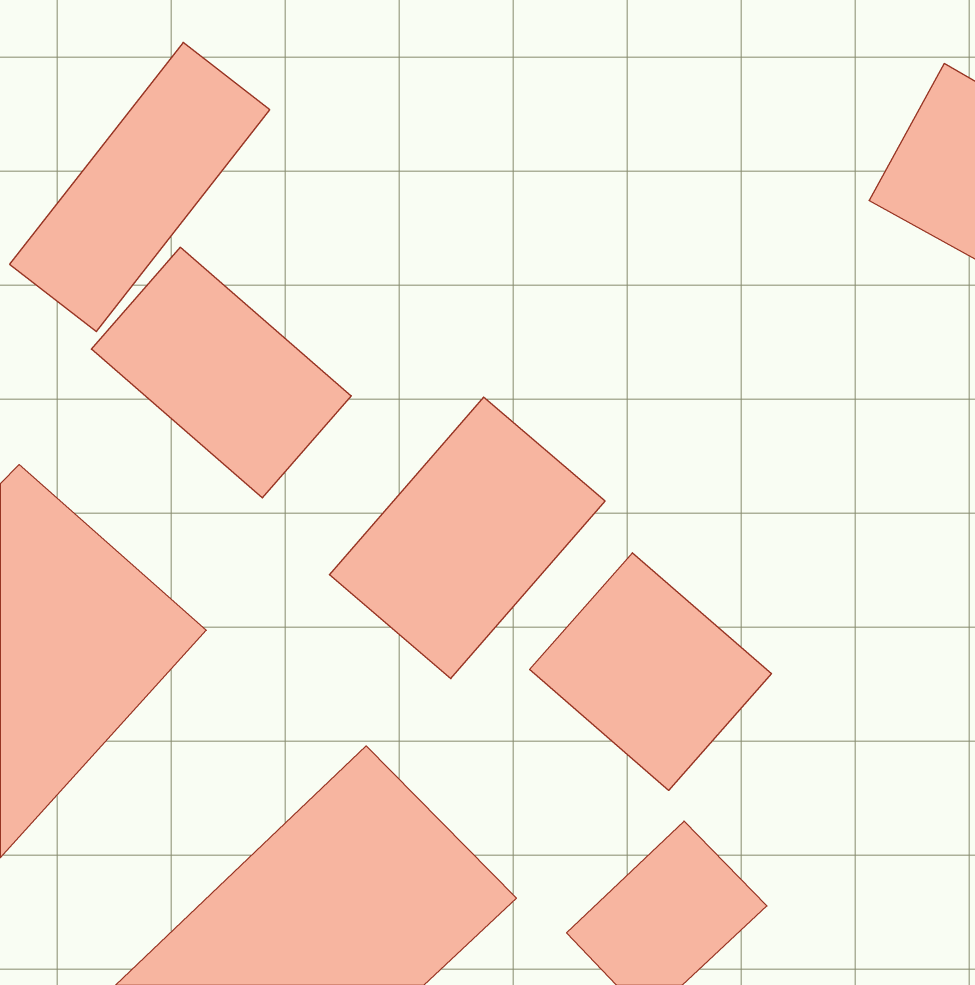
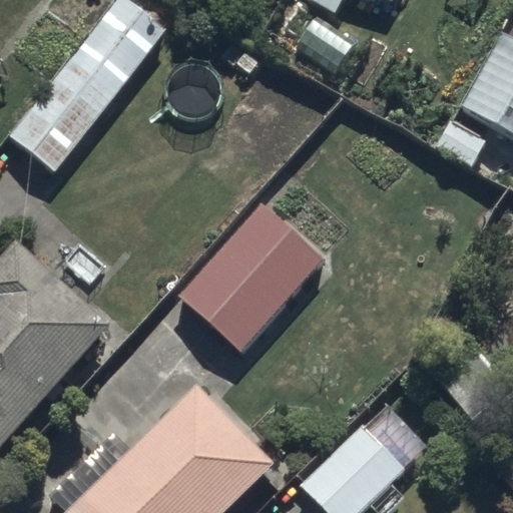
building: [91,247,351,498] -> none
building: [530,553,771,790] -> none

